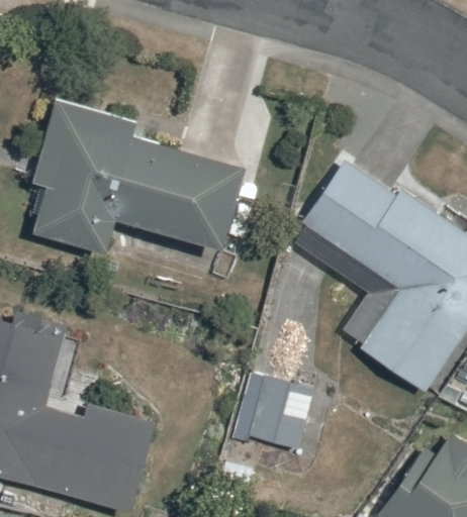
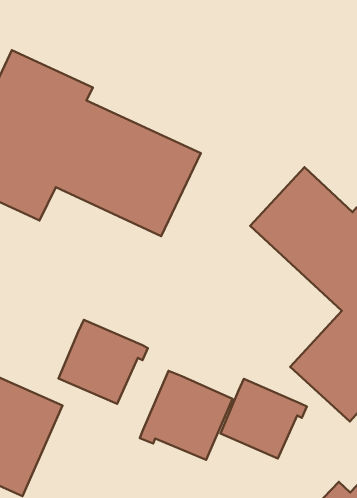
building: none -> [59,320,148,404]
building: none -> [220,379,307,459]

